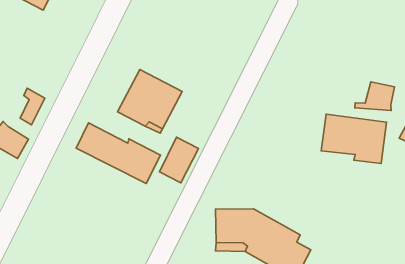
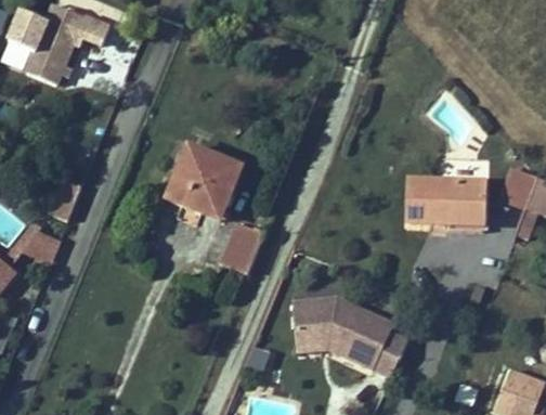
building: [355,82,394,111] -> none
building: [76,123,161,184] -> none

